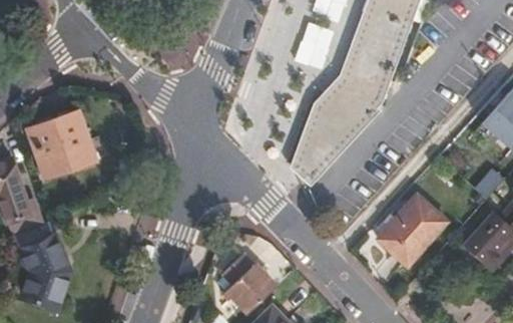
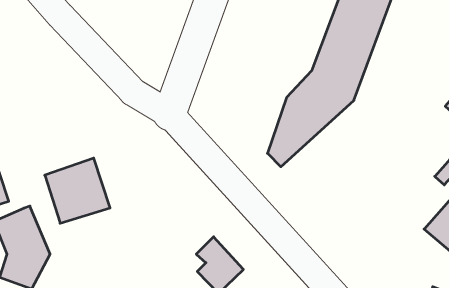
building: [26,108,94,177] -> [45,158,110,223]
building: [373,193,441,261] -> none

